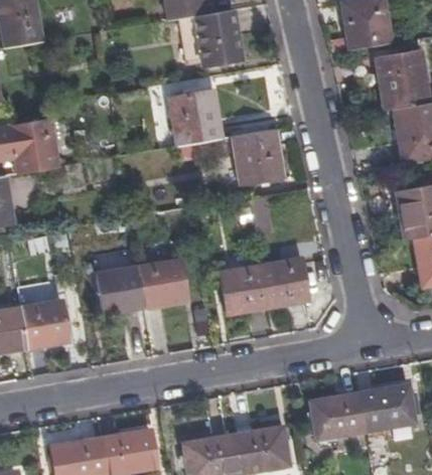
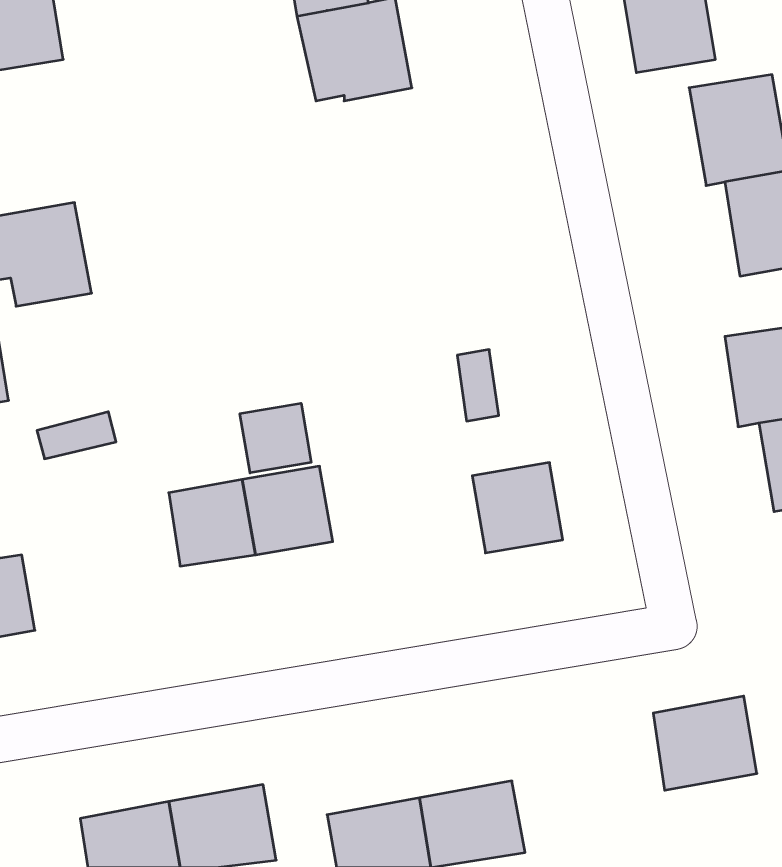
building: [172,91,223,146] -> none
building: [233,129,283,185] -> none
building: none -> [240,403,311,473]
building: [224,265,269,312] -> none
building: [21,300,68,347] -> none
building: [308,391,365,442] -> none

